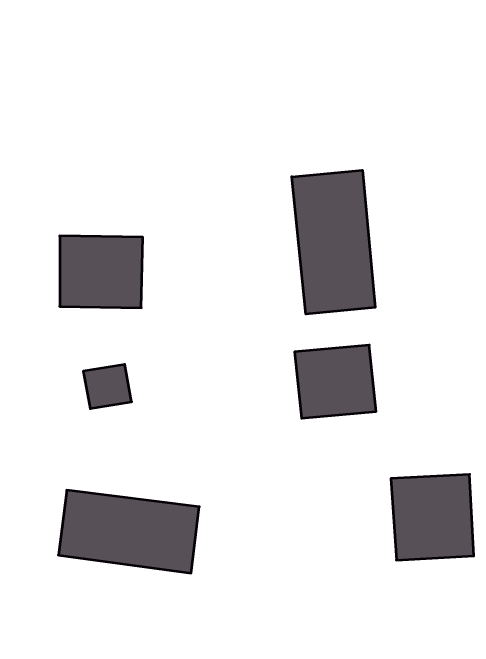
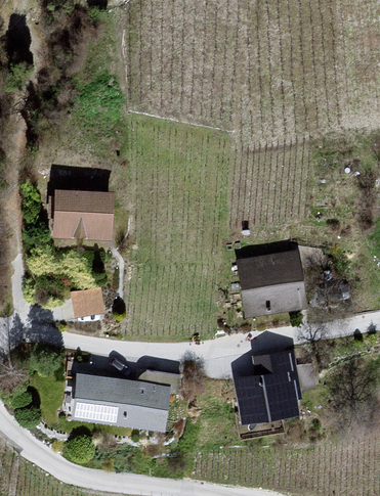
building: [292,170,375,314] -> none
building: [391,474,474,560] -> [236,354,297,417]

